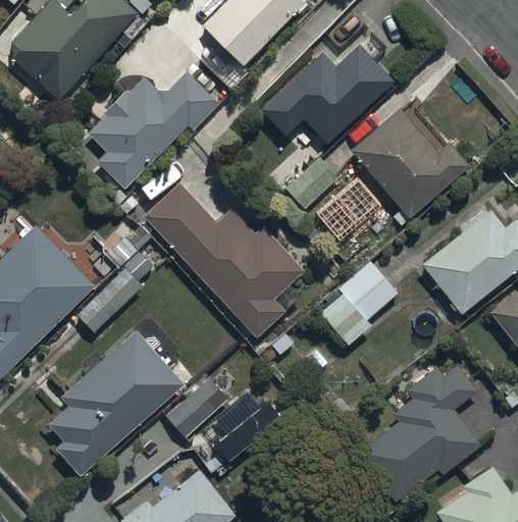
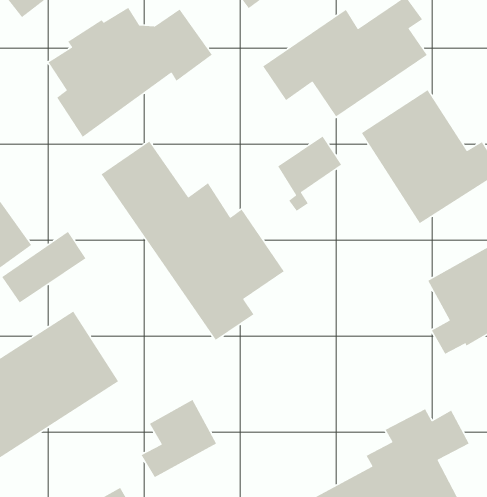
building: [319,262,399,346] -> none
building: [165,374,228,435] -> none

